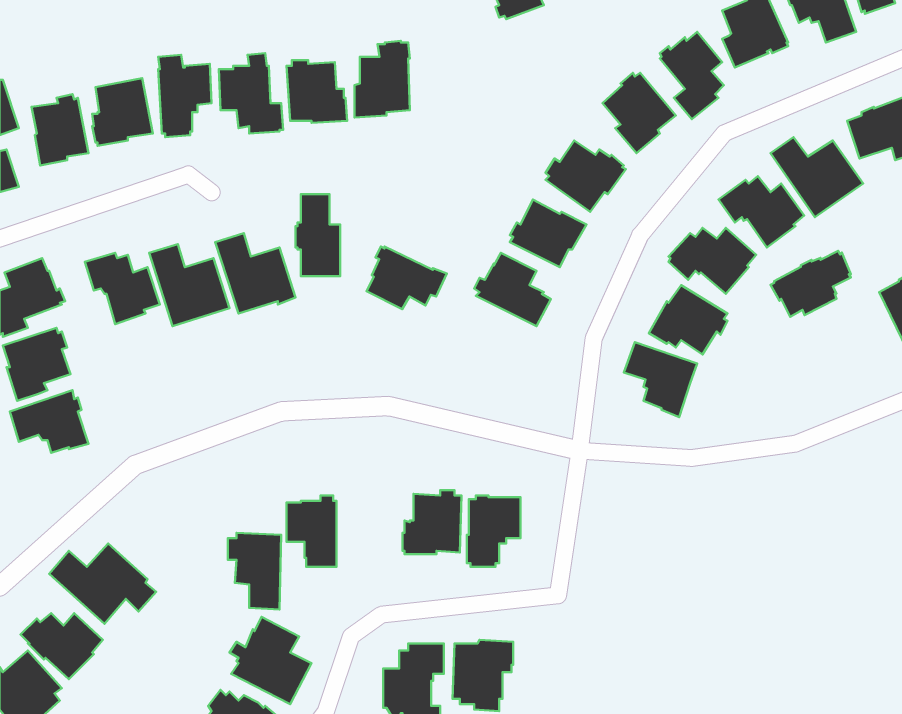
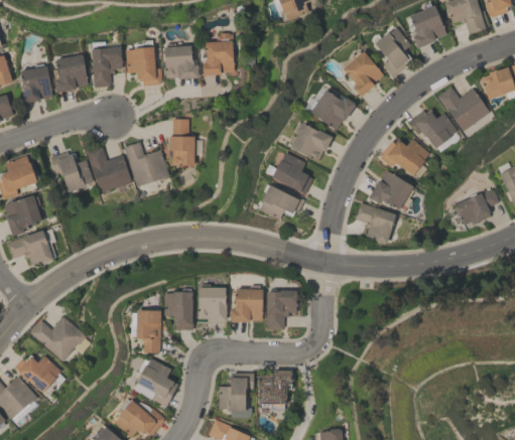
building: [367,247,447,309] -> [259,184,304,219]
building: [770,251,851,317] -> [453,188,498,226]
building: none -> [198,285,227,320]

